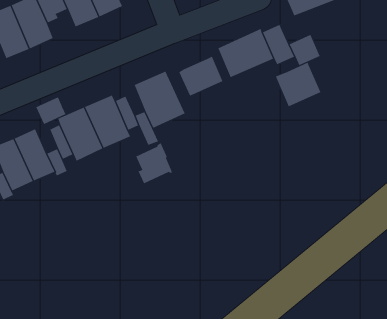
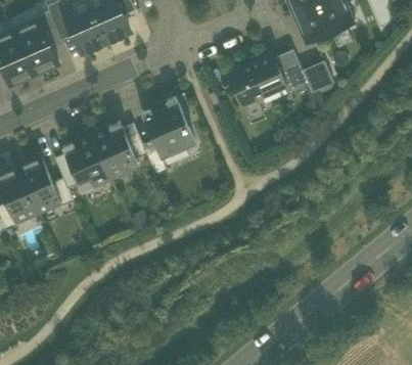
building: [178,56,223,97] -> none
building: [275,62,321,107] -> none
building: [36,96,66,125] -> none
building: [136,142,173,184] -> none

